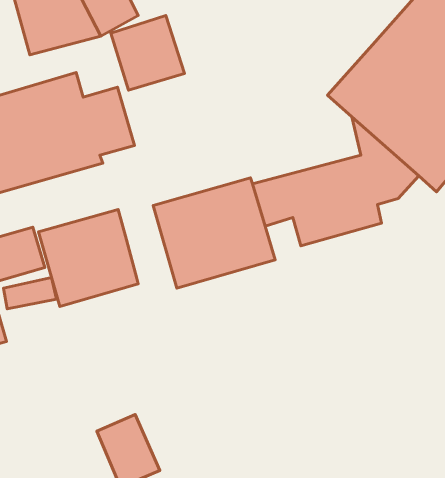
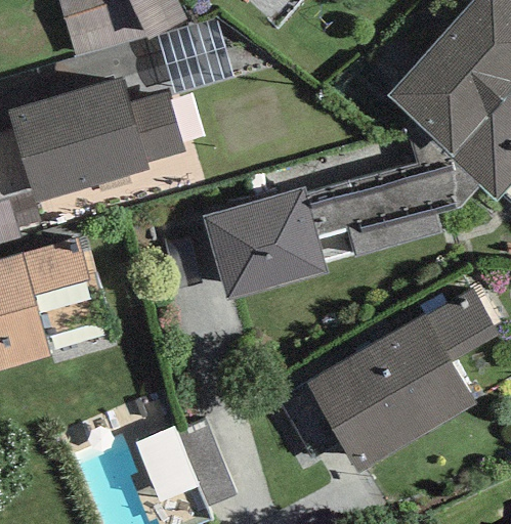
building: [39,210,138,307] -> none
building: none -> [306,289,499,472]

